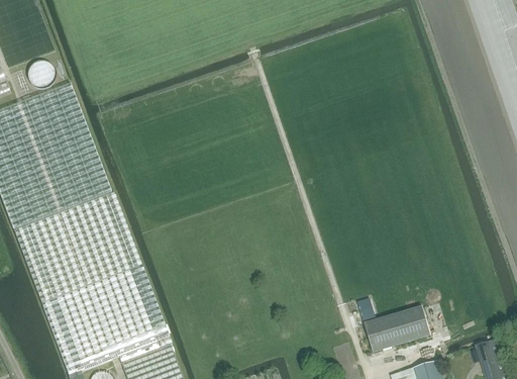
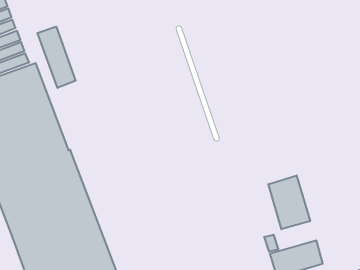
building: none -> [37,27,76,88]
building: none -> [268,175,310,229]

